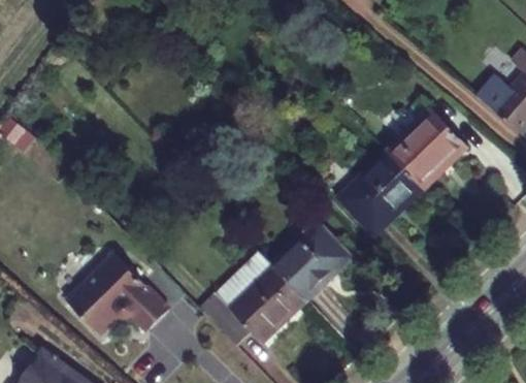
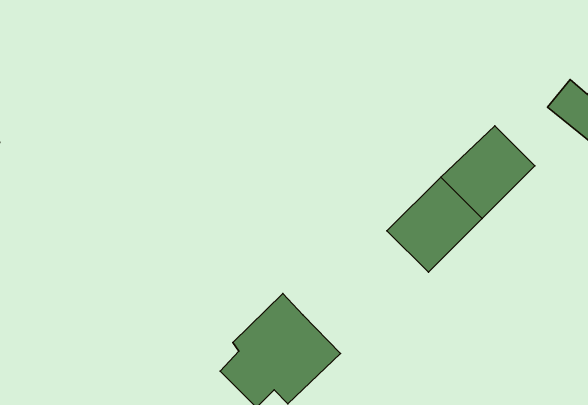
building: [274,226,350,301] -> none
building: [66,255,166,336] -> none

